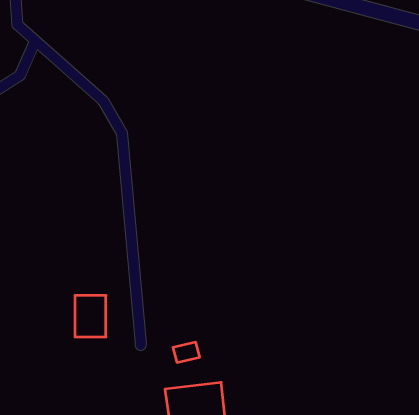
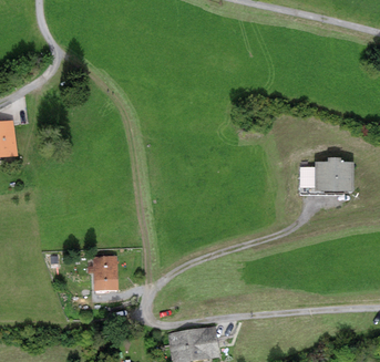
building: none -> [316,163,351,192]

